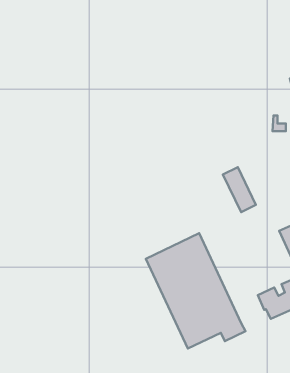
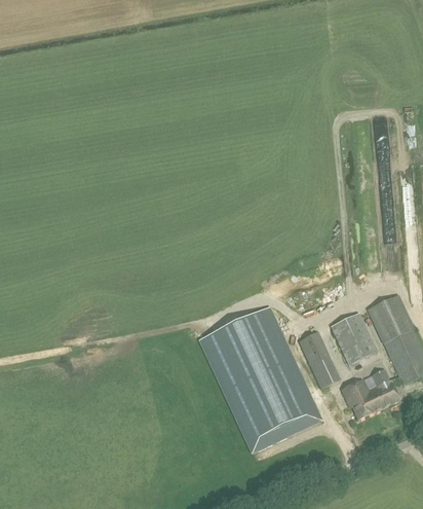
building: [223,167,256,212] -> [298,330,339,387]
building: none -> [330,311,376,362]

